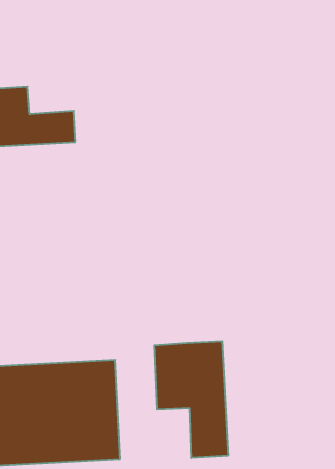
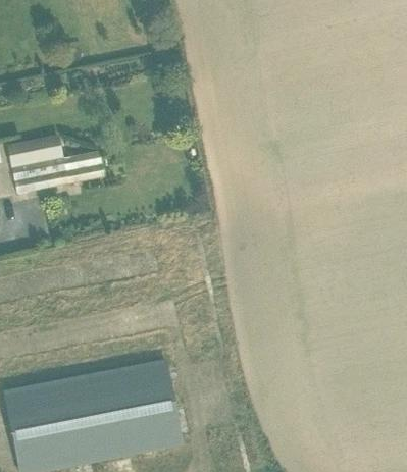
building: [154,341,228,458] -> none

